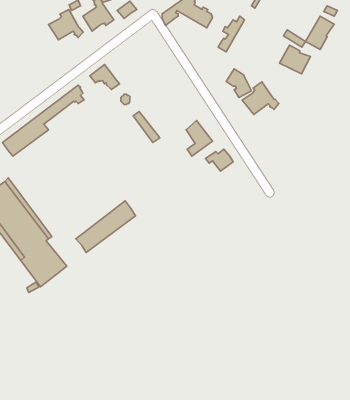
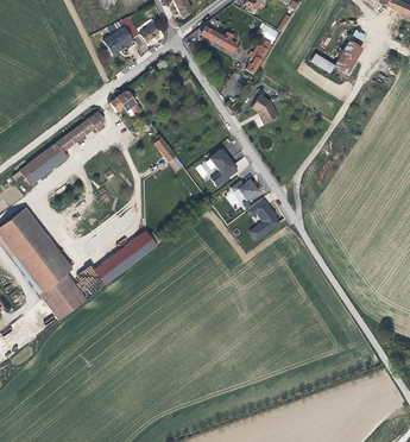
building: [49,9,83,40] -> none
building: [279,45,311,74] -> none
building: [242,82,279,115] -> none
building: none -> [246,196,282,240]

